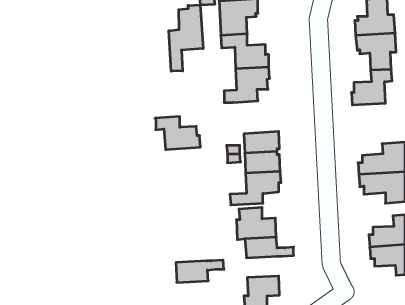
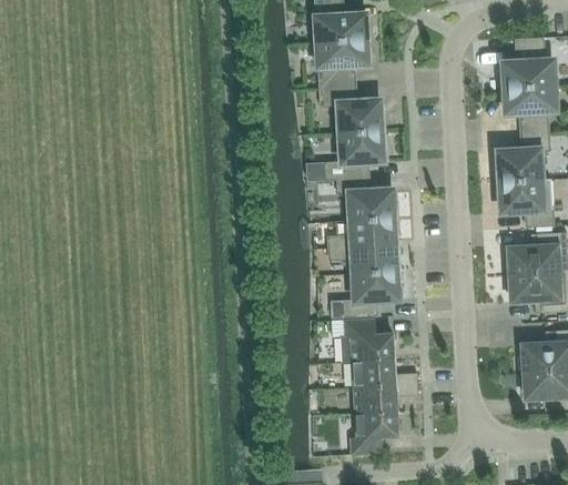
building: [169,5,203,71] -> none
building: none -> [496,178,552,225]
building: [155,117,200,150] -> [336,175,397,220]
building: [176,260,224,282] -> [354,383,418,413]

